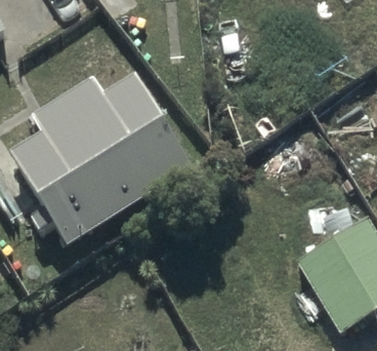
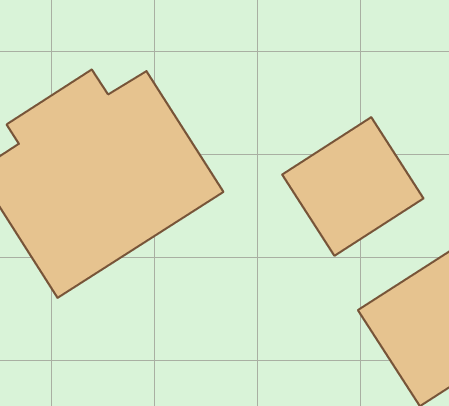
building: none -> [282,117,423,256]

